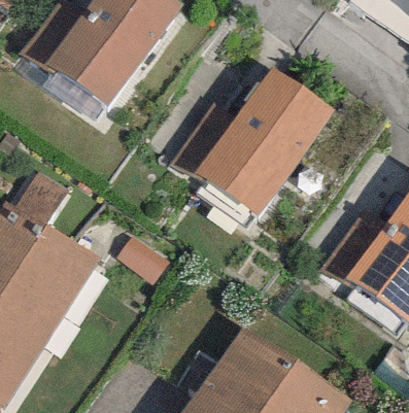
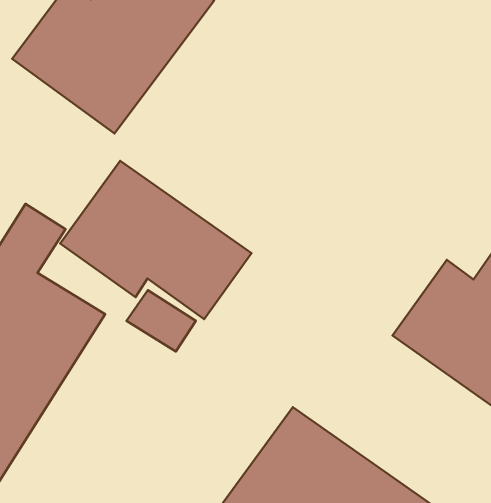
building: [183,68,332,217] -> none
building: none -> [60,161,251,319]

